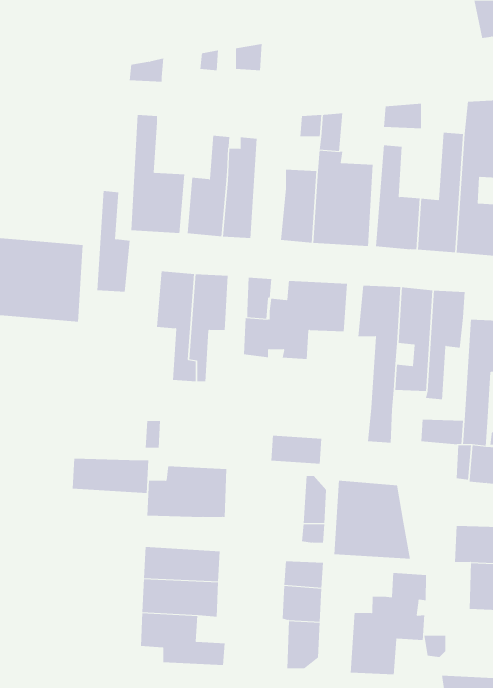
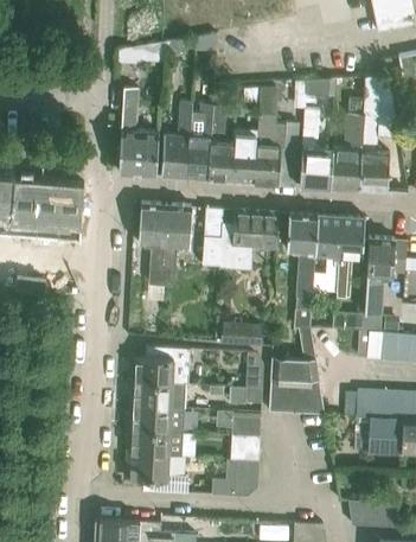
building: [97,191,130,292] -> [207,106,232,180]
building: [72,458,149,494] -> [129,383,186,409]
building: [350,572,426,675] -> none

